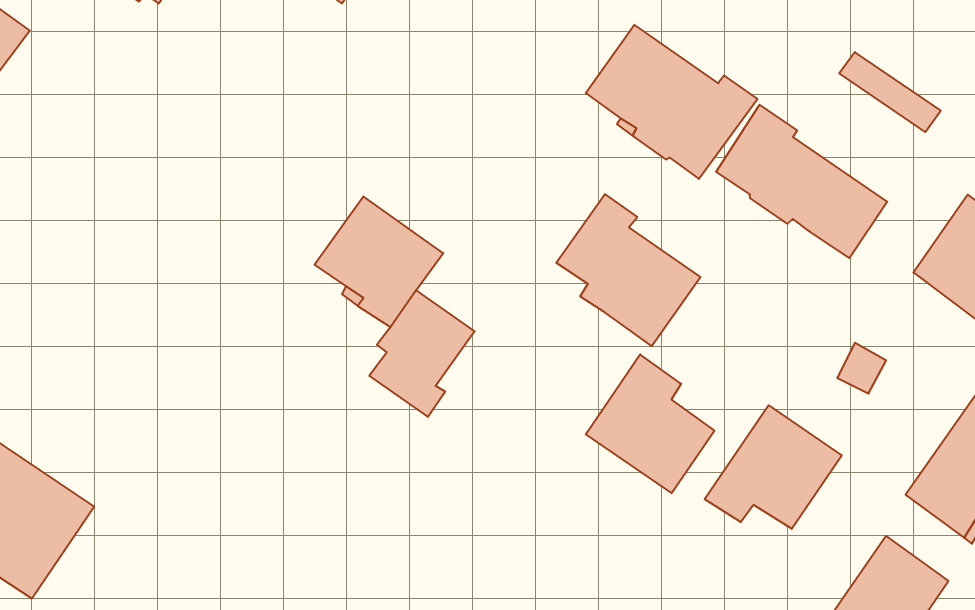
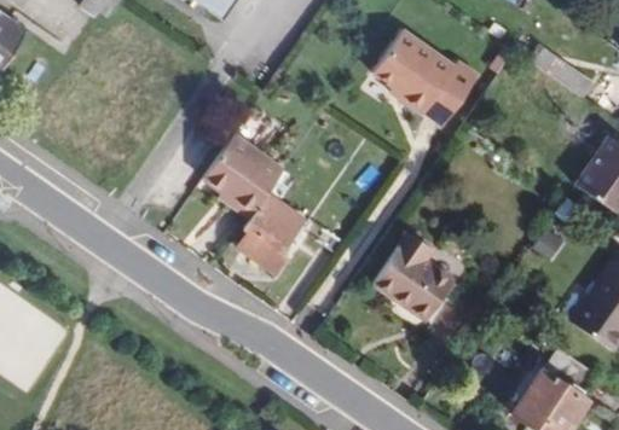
building: [716,105,887,258] -> none
building: [556,194,700,346] -> none
building: [705,405,842,529] -> none

